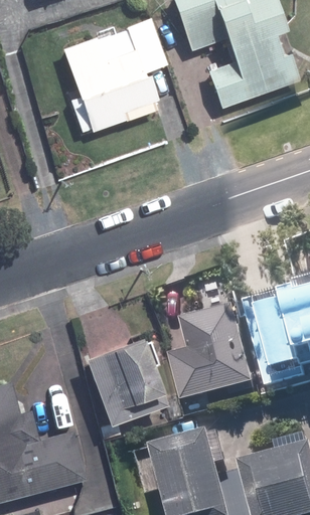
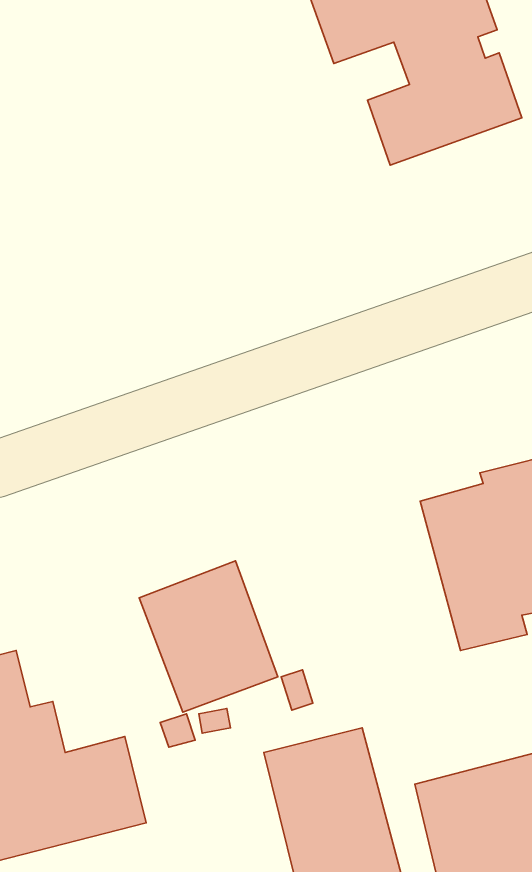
building: [57,20,163,133] -> none
building: [167,300,250,396] -> none

